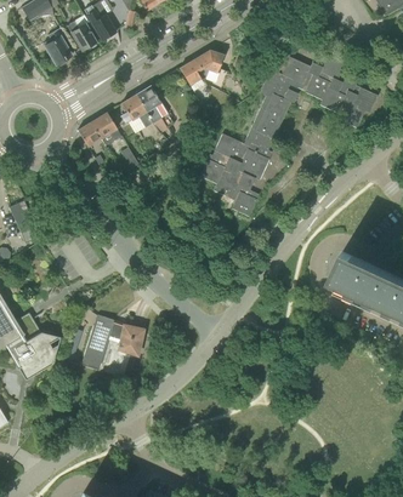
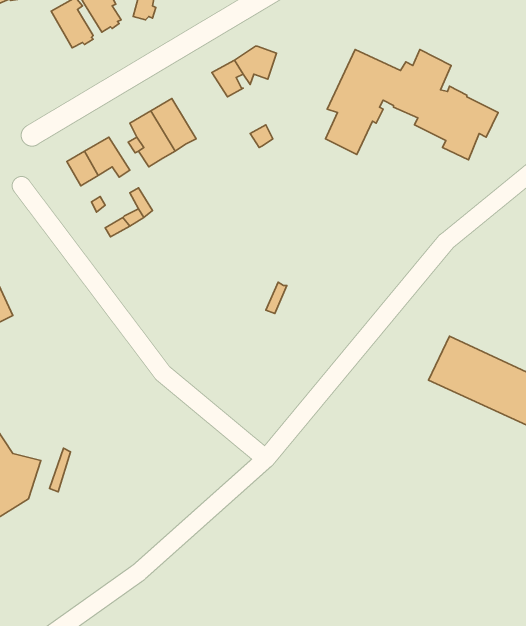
building: [44,28,72,65] -> none
building: [199,114,279,216] -> none
building: [81,315,142,370] -> none

